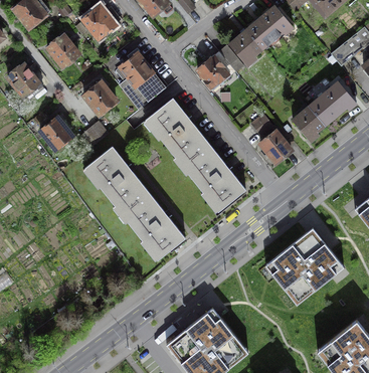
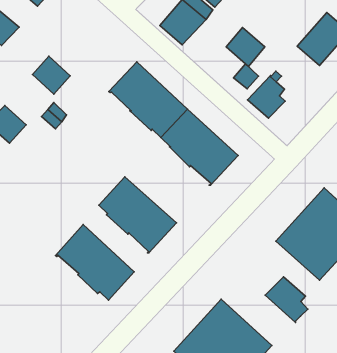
building: [116,52,165,109] -> none
building: [293,106,325,139] -> [226,28,265,66]
building: [84,146,148,212] -> [55,225,134,300]
building: none -> [265,277,308,323]

